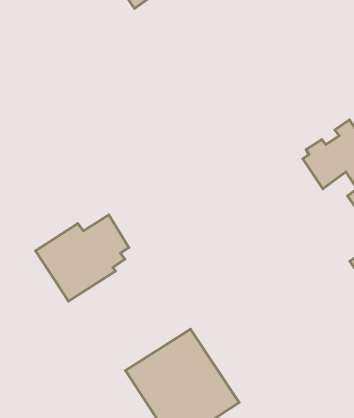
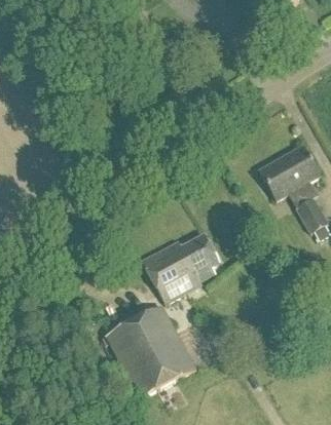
building: [36,215,129,301] -> [141,234,217,302]

